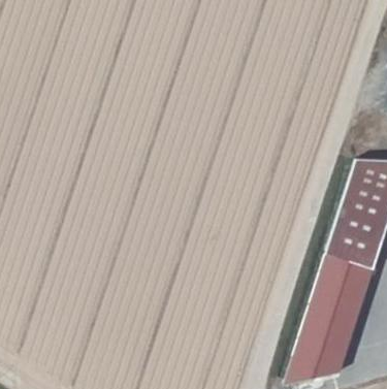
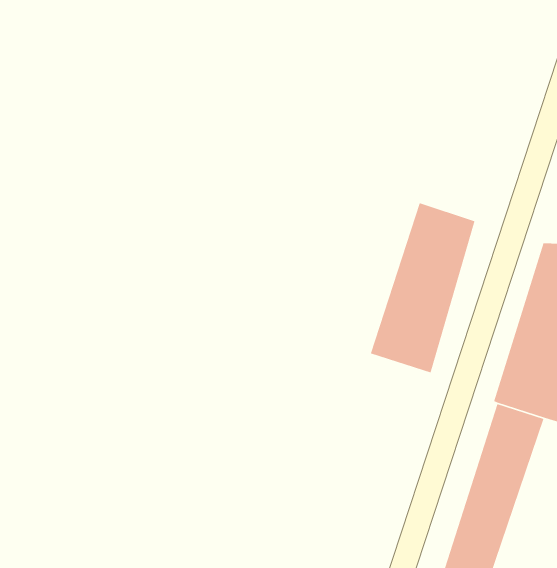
building: none -> [370,202,476,373]

